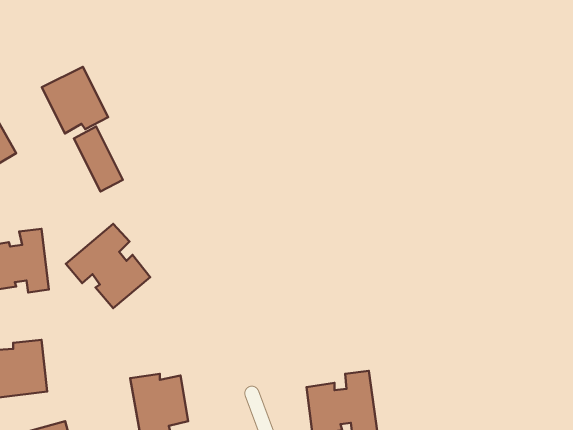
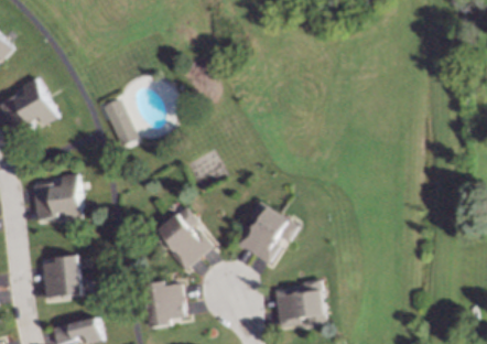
building: [42,67,108,134] -> none
building: [66,224,150,308] -> [150,206,213,269]
building: none -> [238,201,297,262]

